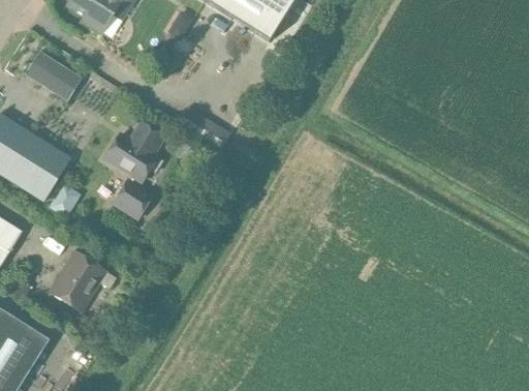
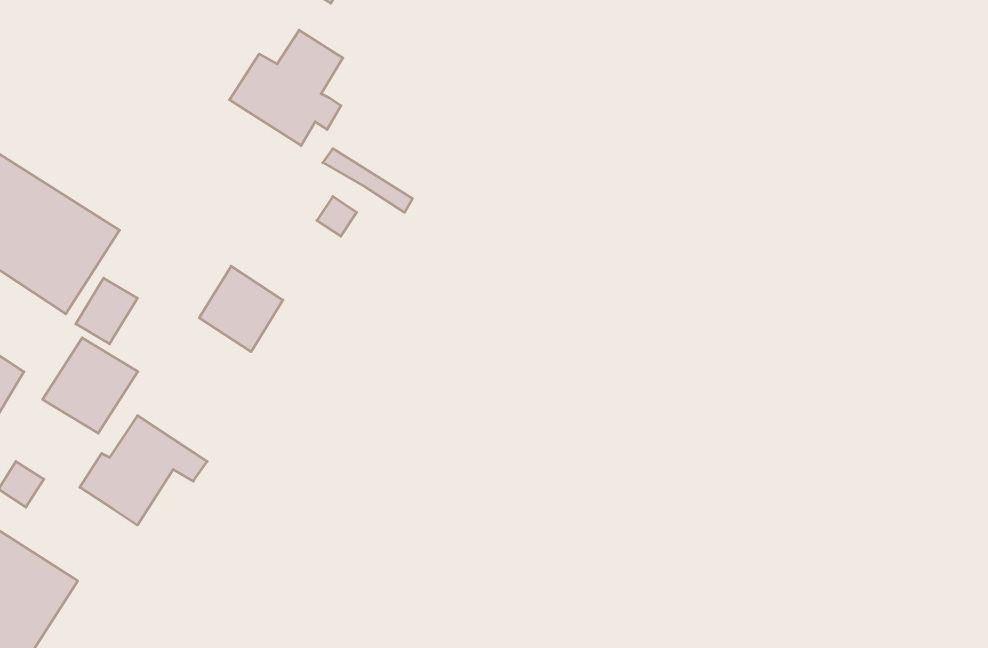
building: [24,50,82,99] -> none
building: [104,121,163,181] -> [229,30,343,146]
building: none -> [43,338,138,433]

